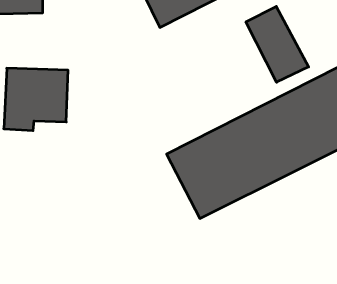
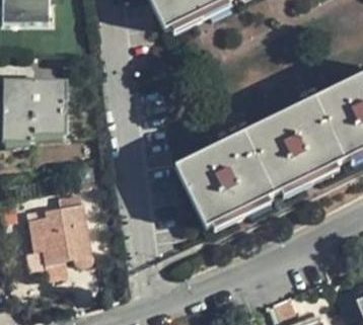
building: [246,6,309,82] -> none
building: none -> [27,199,93,273]

